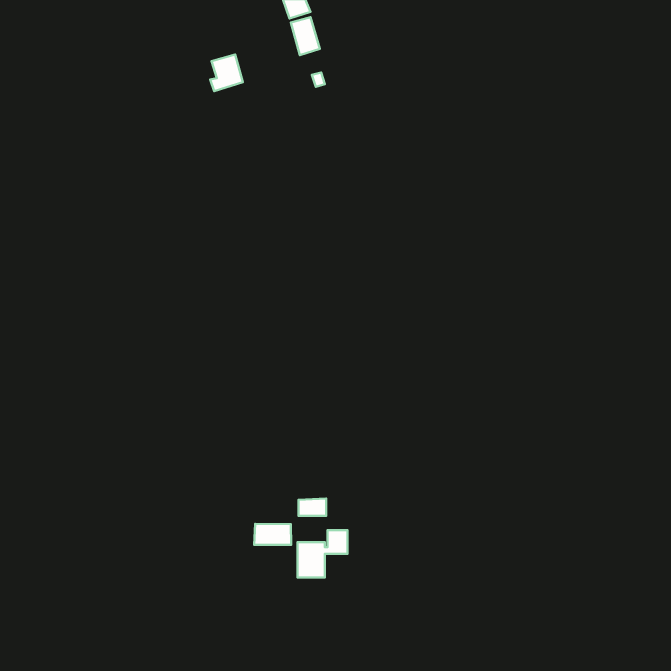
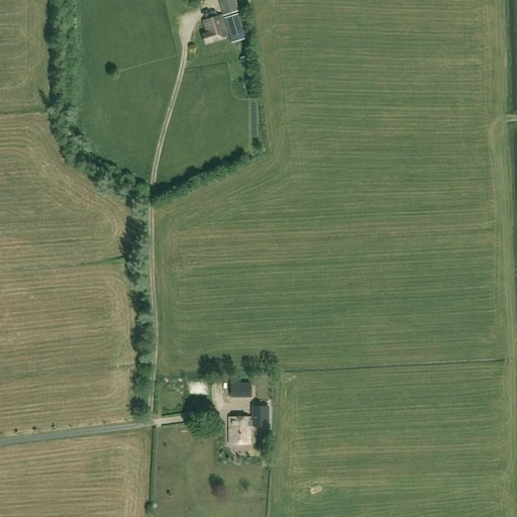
building: [210,54,243,91] -> [201,14,226,42]
building: [254,524,291,545] -> none

